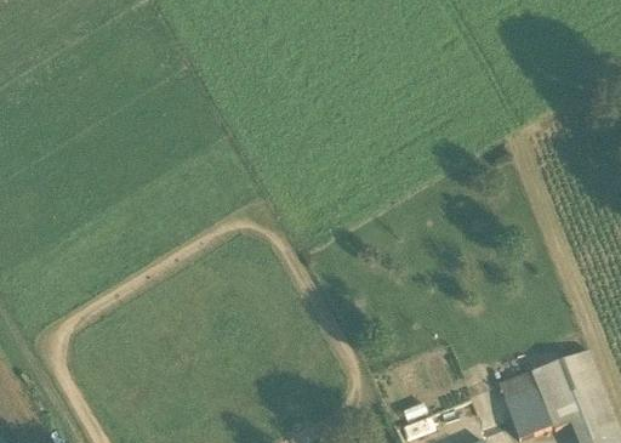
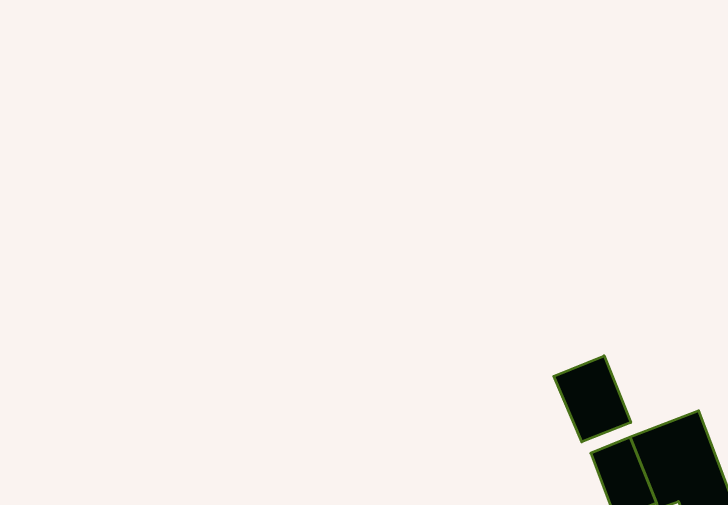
building: none -> [554,356,631,442]

